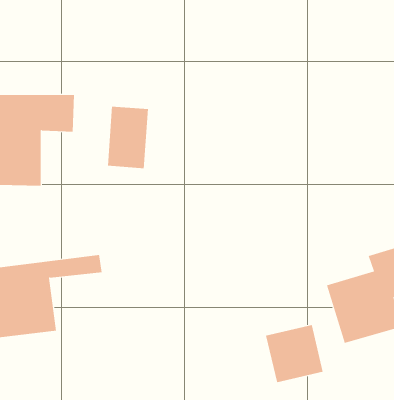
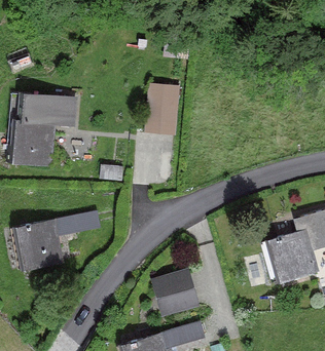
building: [107,106,149,169] -> [149,86,180,132]
building: [265,324,324,383] -> [153,270,196,313]

